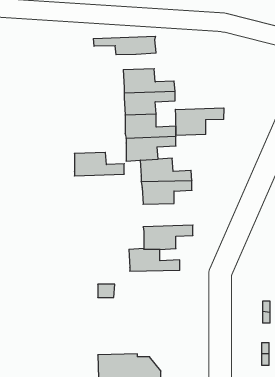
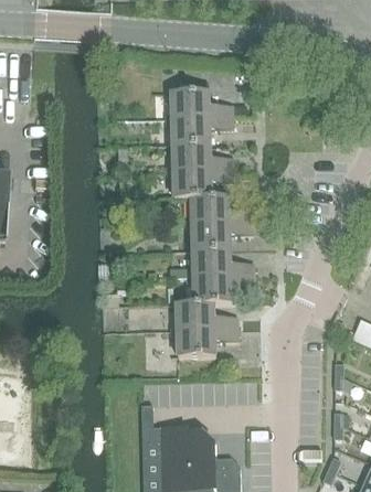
building: [93,36,156,55] -> none
building: [175,108,224,135] -> none
building: [74,152,124,176] -> [194,247,253,275]
building: none -> [179,325,237,354]

